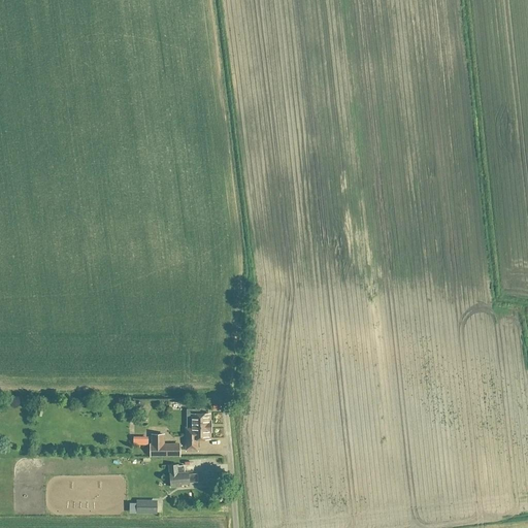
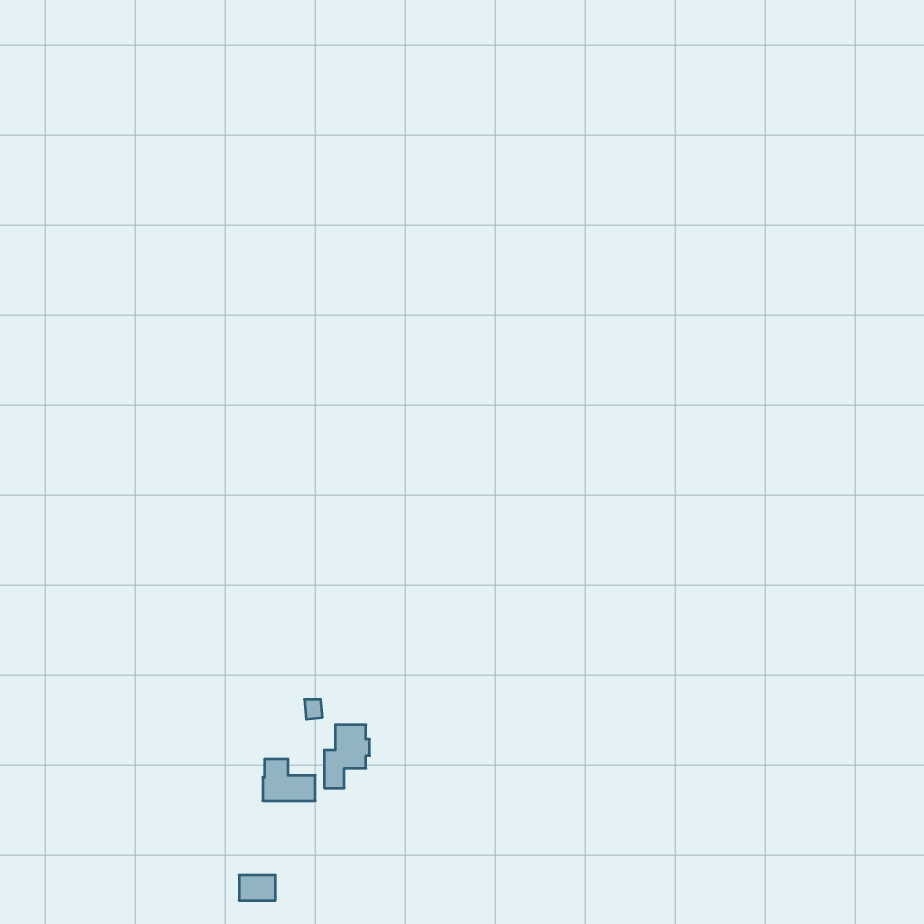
building: [169,463,197,484] -> none

